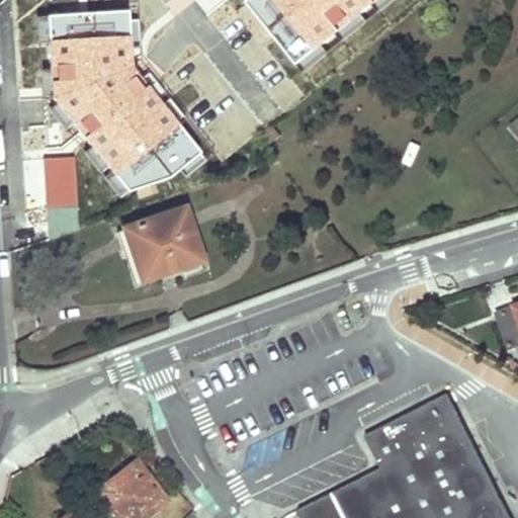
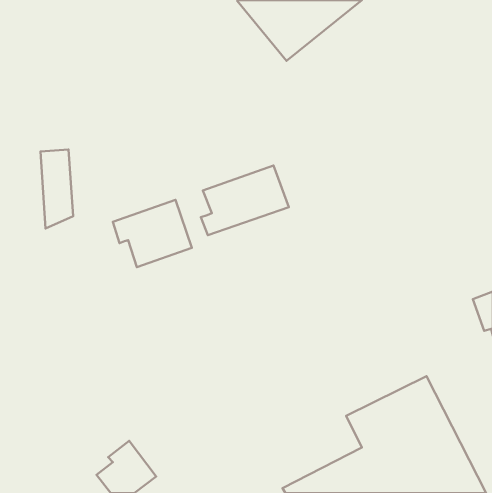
building: [48,9,202,191] -> none
building: none -> [201,166,289,235]

